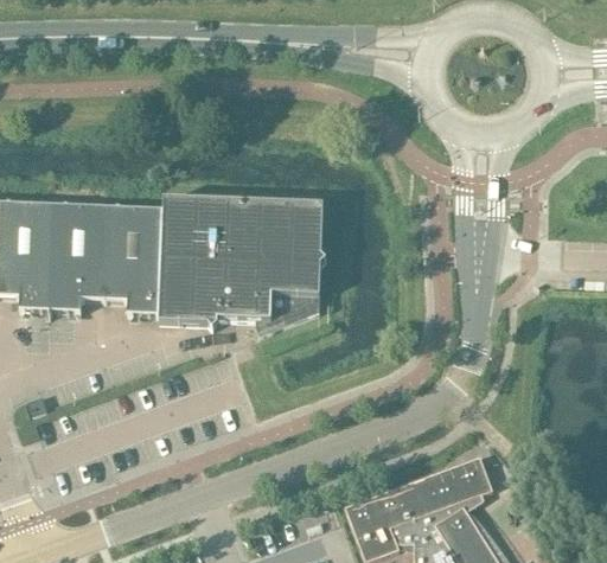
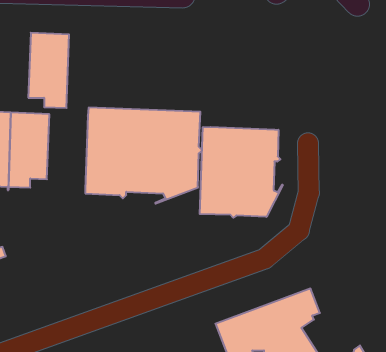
building: [104,206,162,313] -> [28,33,69,108]
building: none -> [200,127,283,218]

